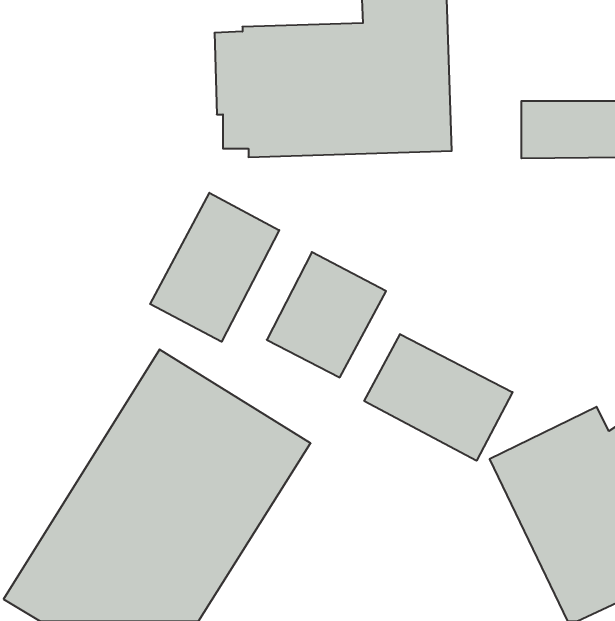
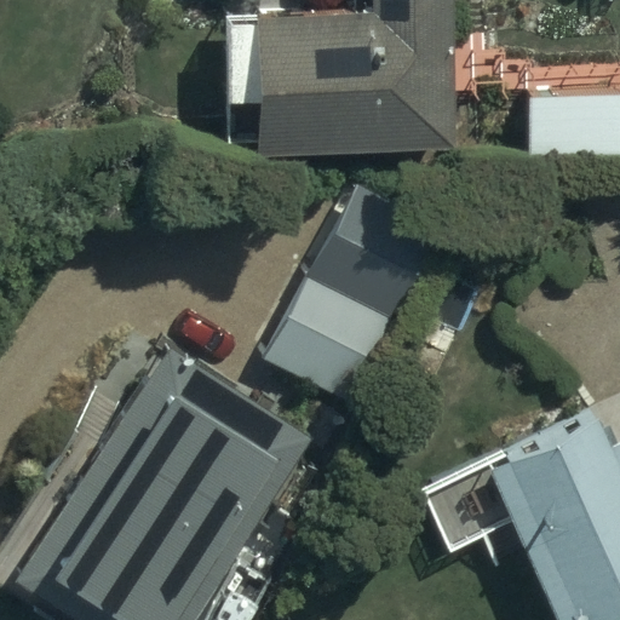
building: [150,193,279,342] -> none
building: [364,334,513,461] -> none

